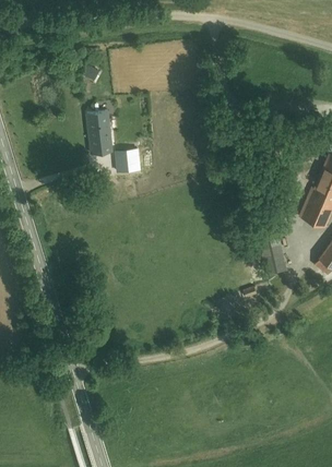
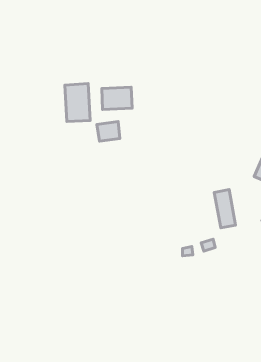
building: none -> [102,87,132,110]

